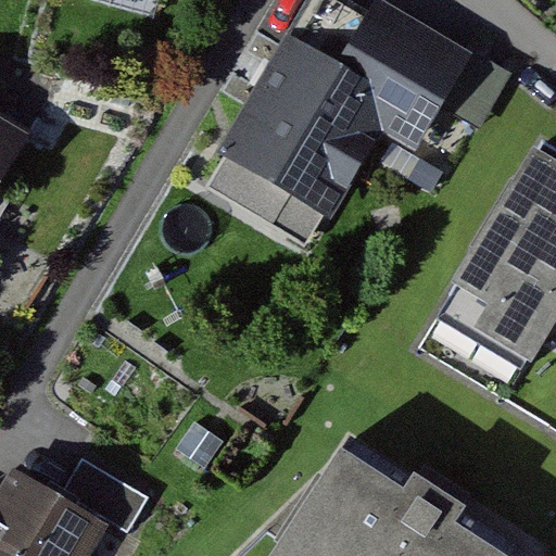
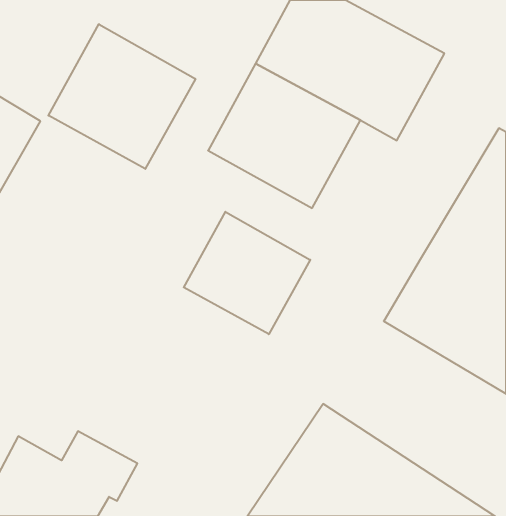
building: none -> [48,24,195,169]
building: none -> [184,212,310,334]

